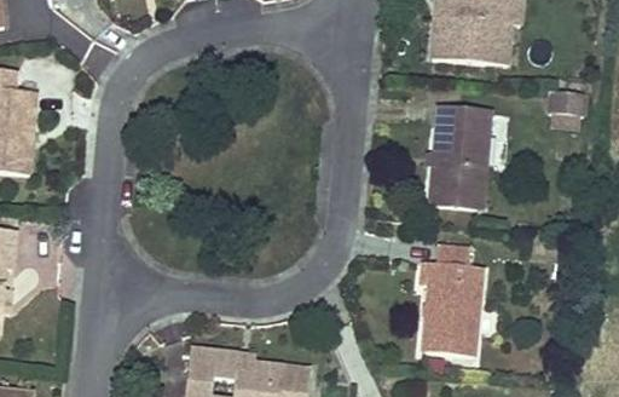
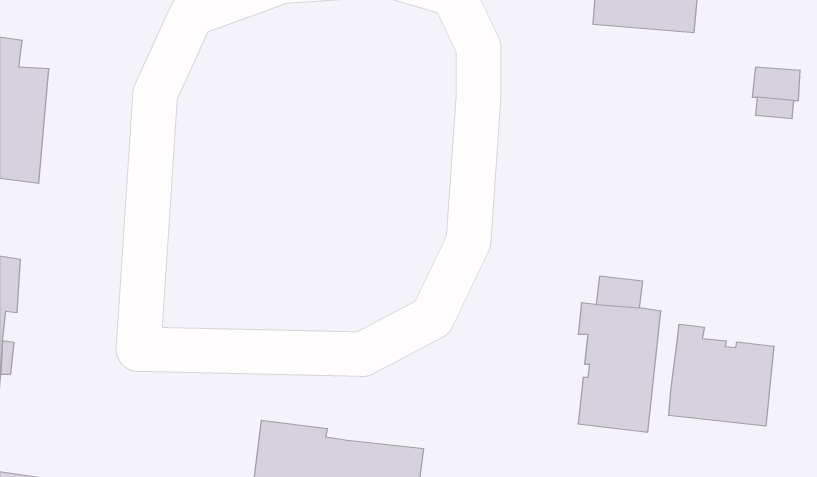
building: [429,107,490,208] -> none
building: none -> [669,324,774,426]

